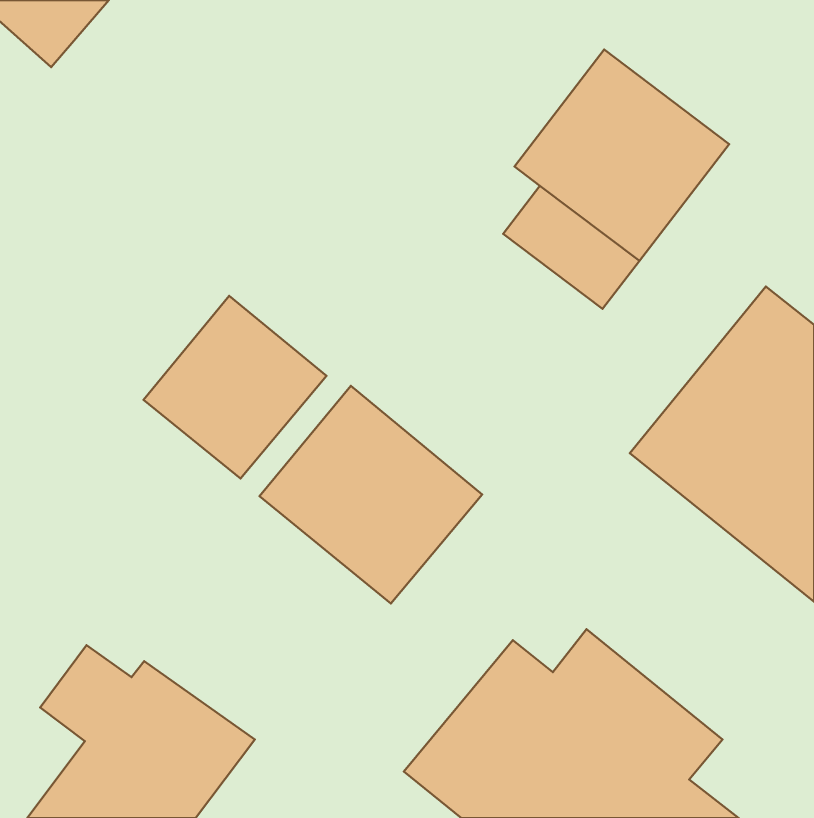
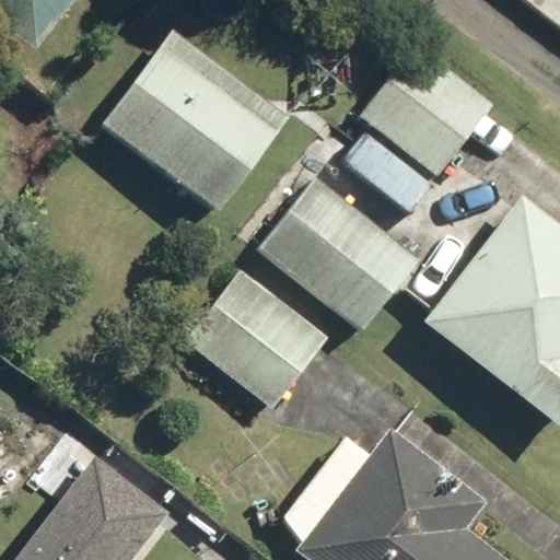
building: none -> [95,42,282,221]
building: none -> [258,183,422,339]
building: [144,296,326,479] -> none

